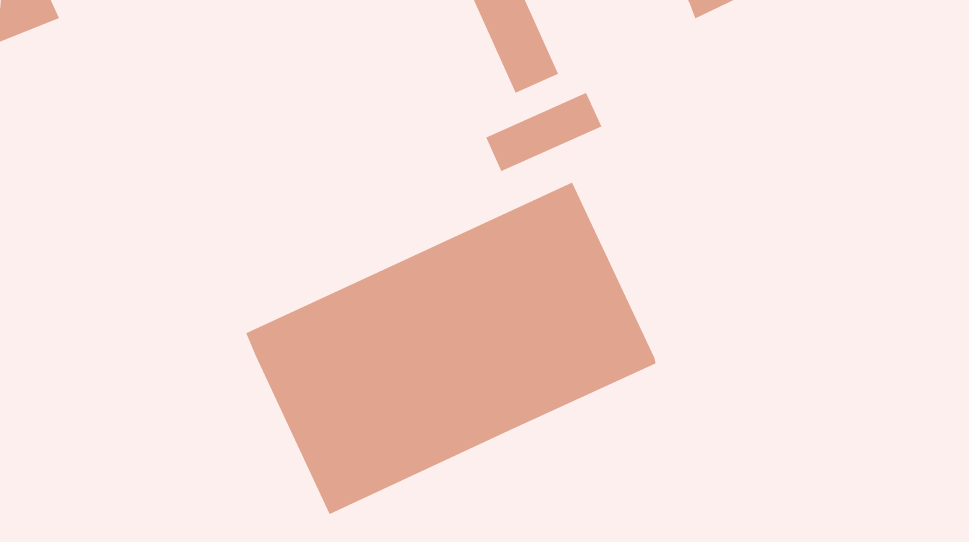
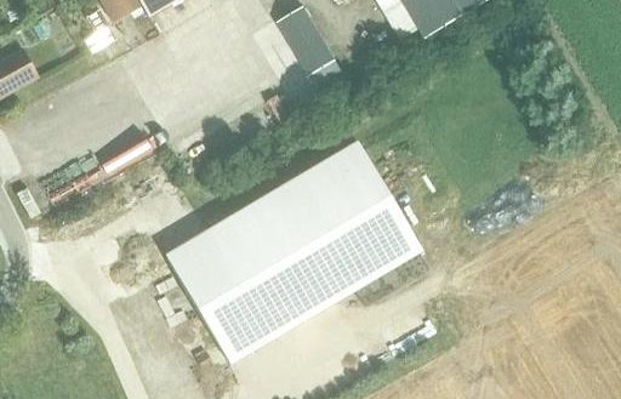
building: [485,92,602,172] -> none

